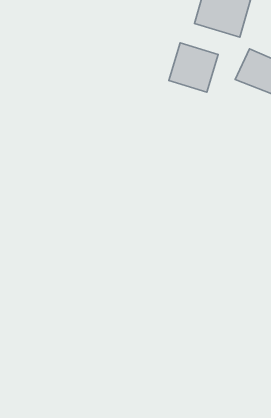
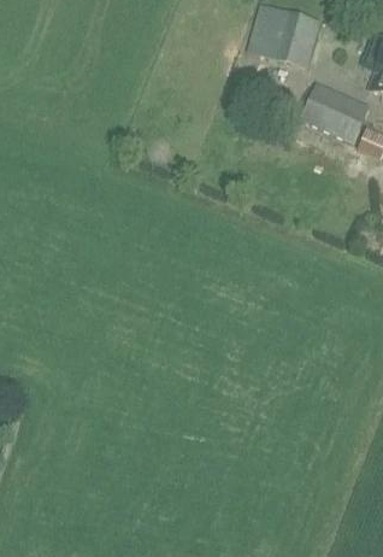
building: [169,43,218,92] -> none

